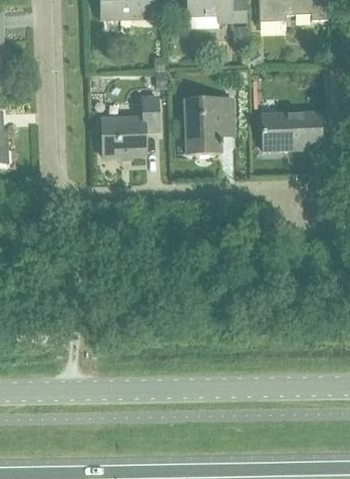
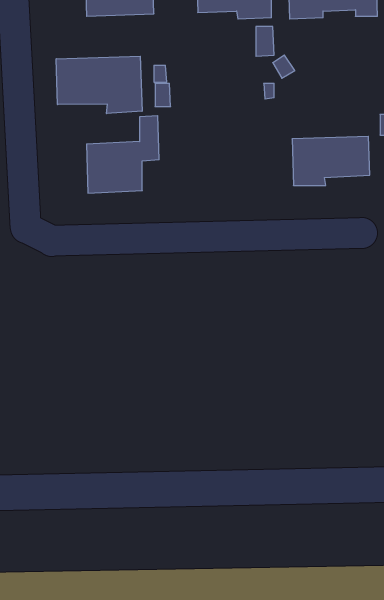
building: none -> [56,56,142,114]
building: [185,98,234,153] -> none

